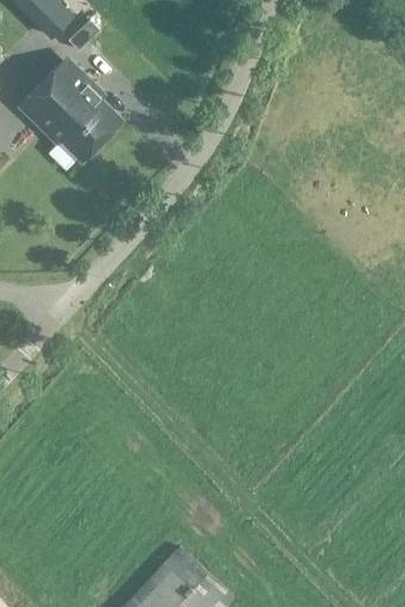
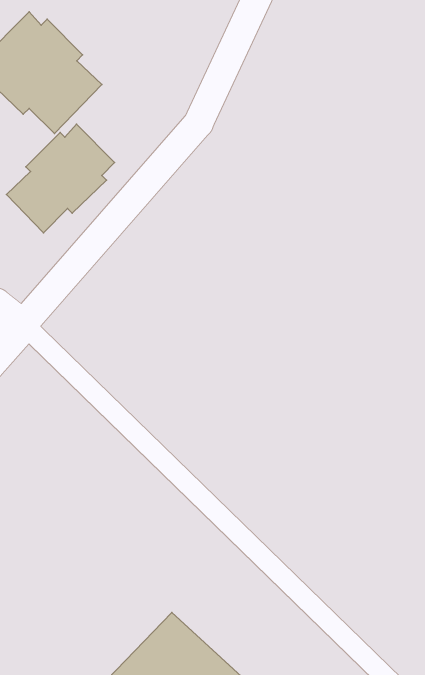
building: none -> [6,124,115,233]

